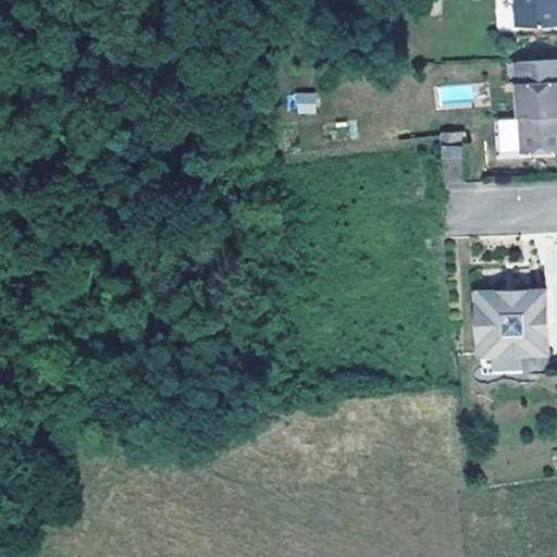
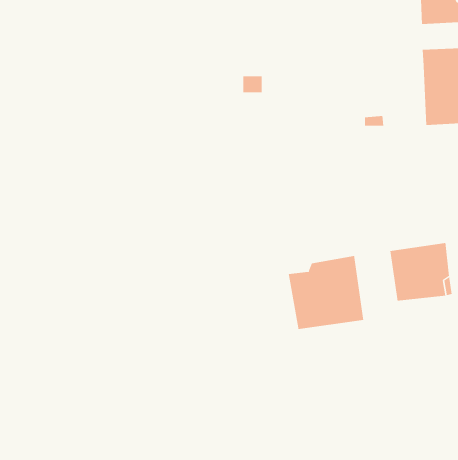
building: none -> [288,255,364,330]

